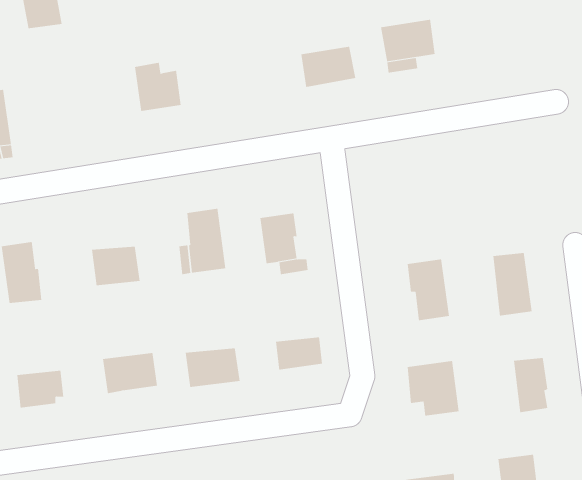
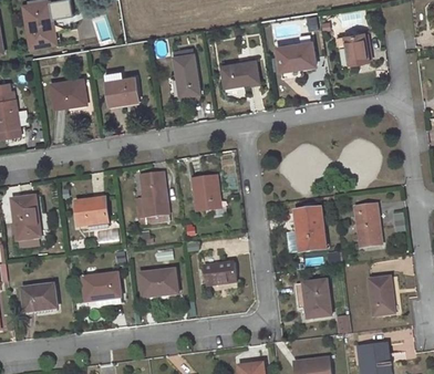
building: none -> [343,32,369,63]
building: none -> [173,50,199,96]
building: none -> [50,79,85,108]

